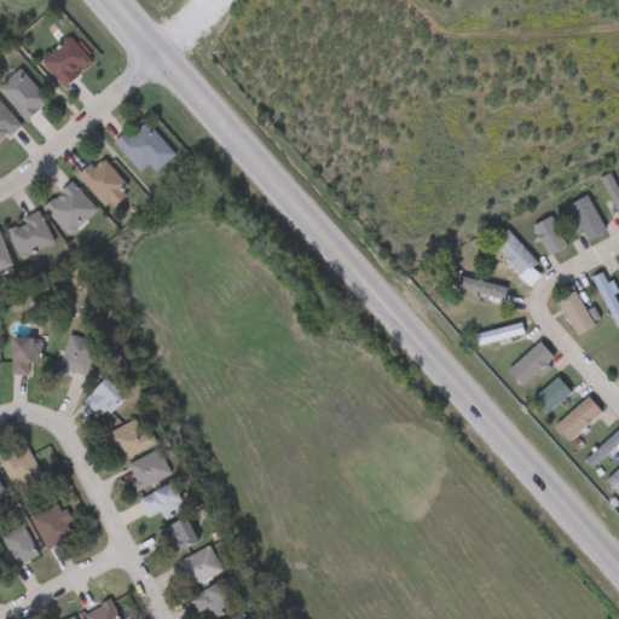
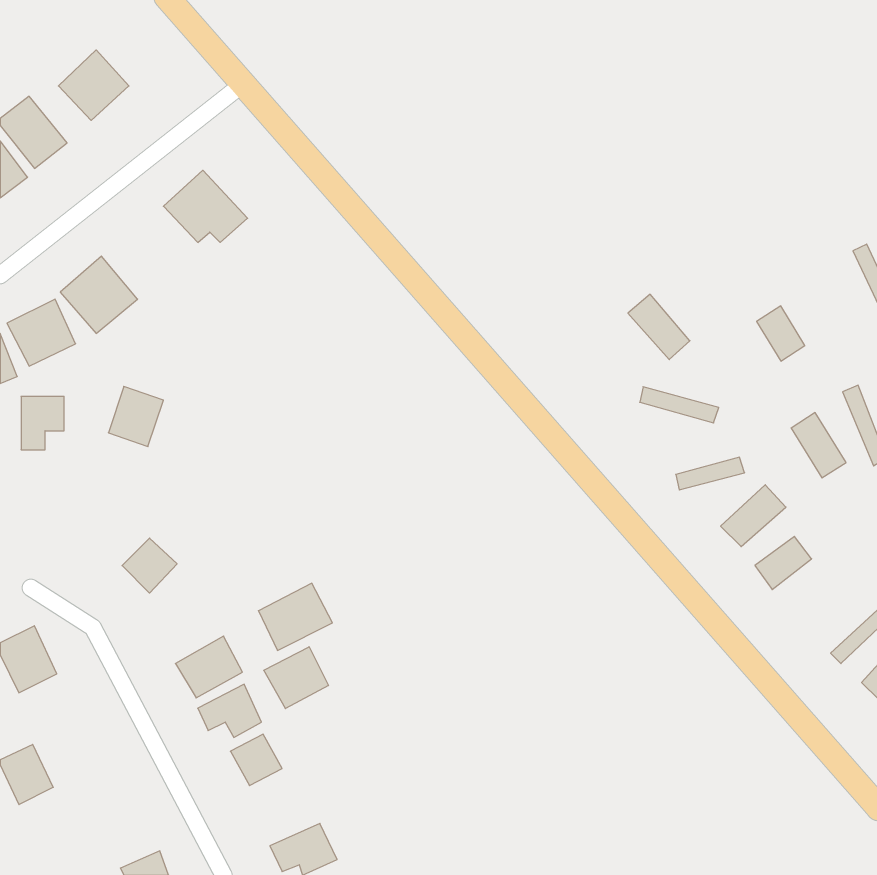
building: [79,155,127,204] -> none
building: [569,195,606,239] -> none
building: [493,228,537,274] -> [628,294,690,360]
building: [59,334,98,376] -> [108,386,163,447]
building: [12,337,42,375] -> [21,396,64,450]
building: [556,395,602,440] -> none
building: [105,415,157,462] -> [258,583,332,650]
building: none -> [264,647,328,709]
building: [31,501,79,549] -> none
building: [179,545,222,585] -> none

